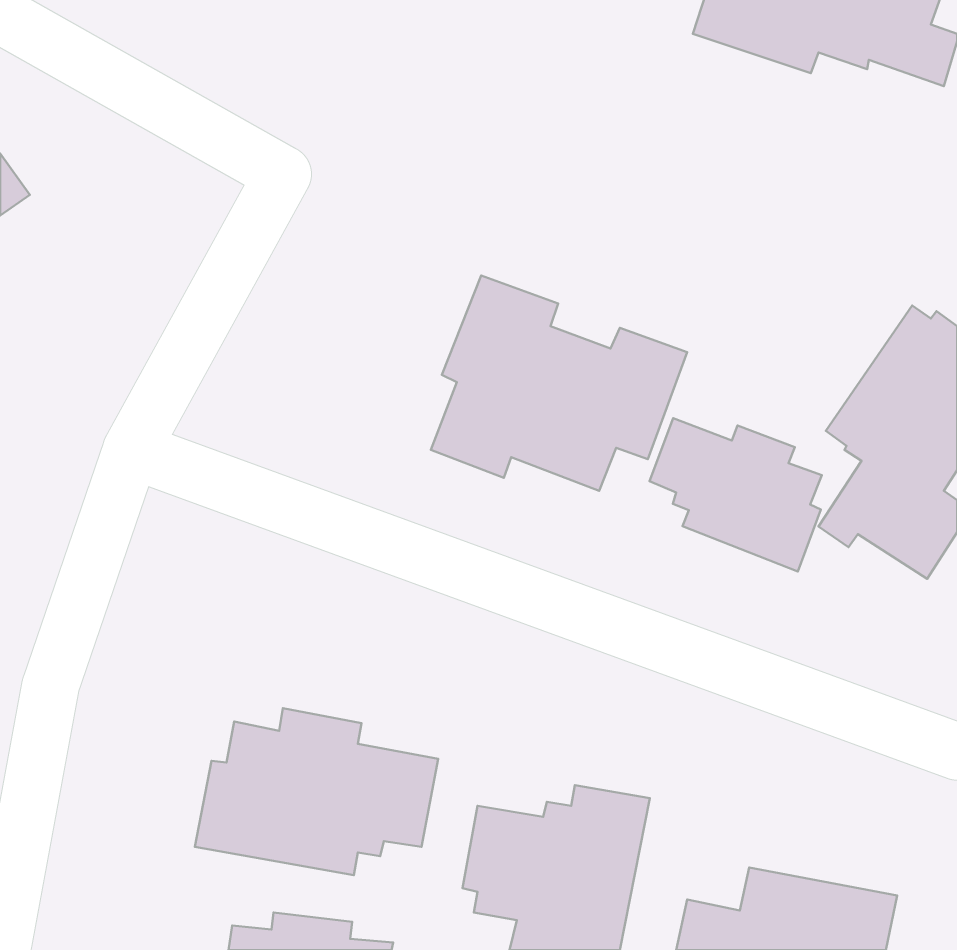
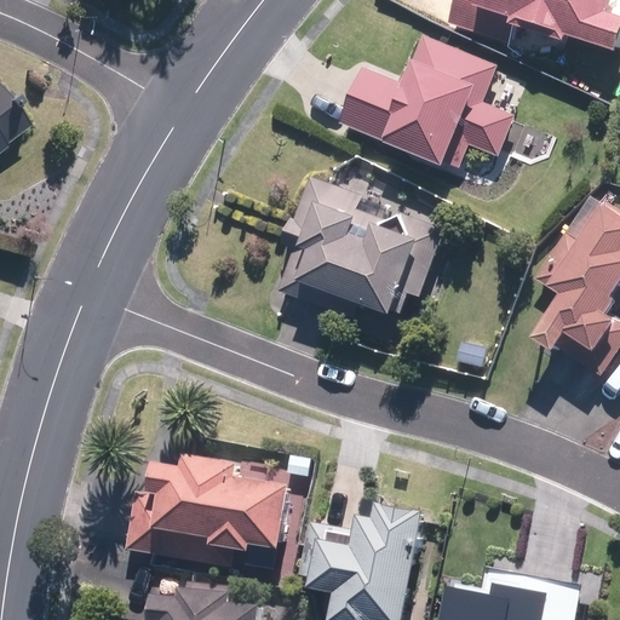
building: none -> [340,35,515,165]
building: [649,418,822,571] -> none

